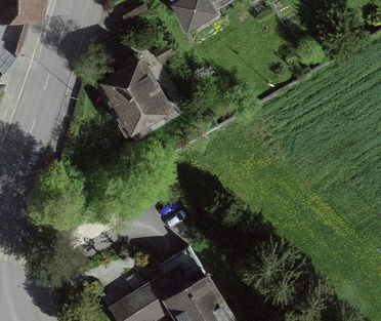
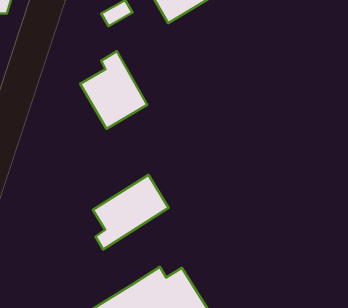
building: none -> [93,175,169,249]

